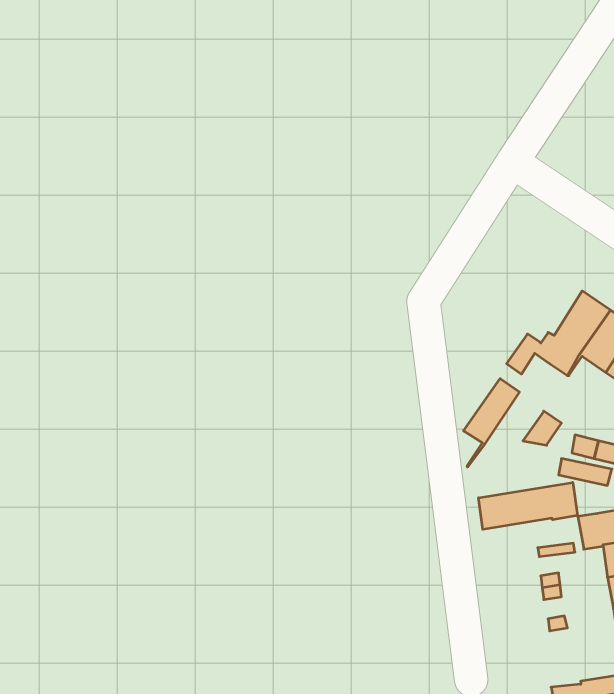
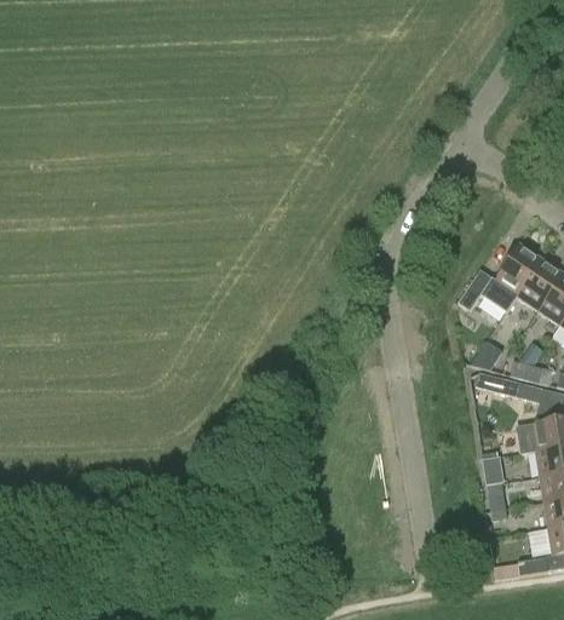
building: [464,379,519,467] -> none
building: [479,482,577,529] -> none

